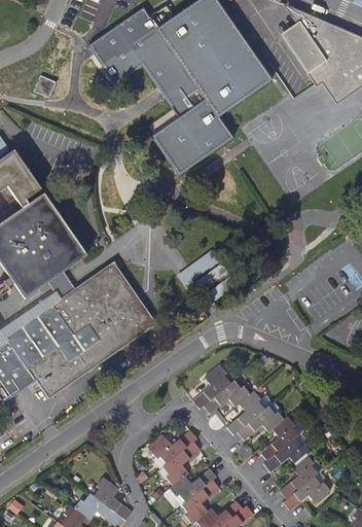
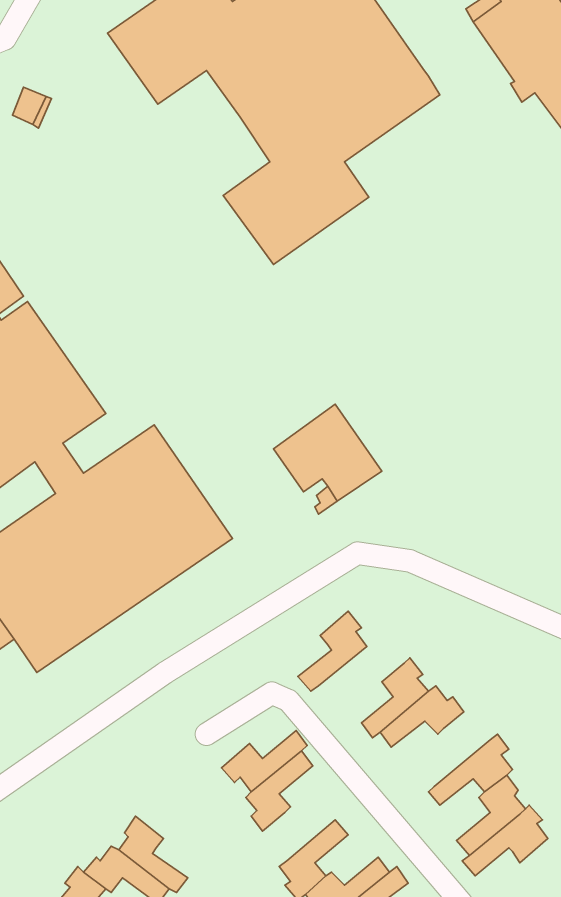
building: [204,379,251,413] -> none
building: [261,415,298,460] -> none
building: [170,467,217,501] -> none

